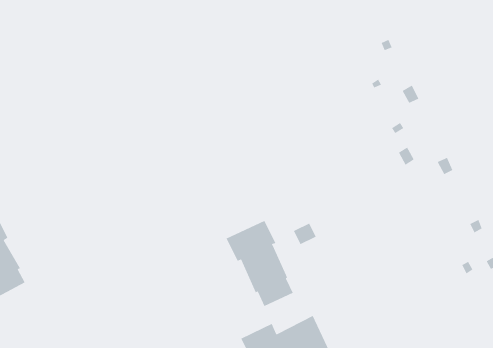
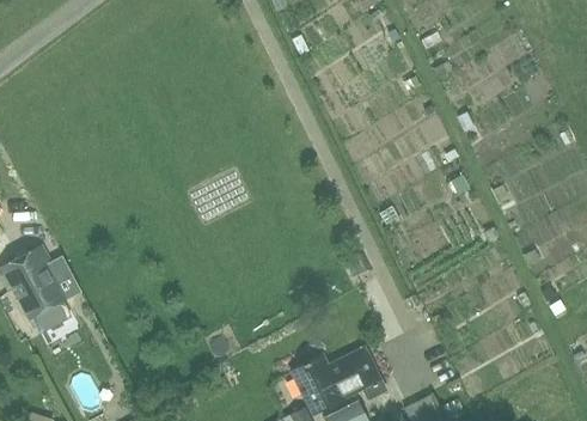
building: [226,220,293,307] -> none

